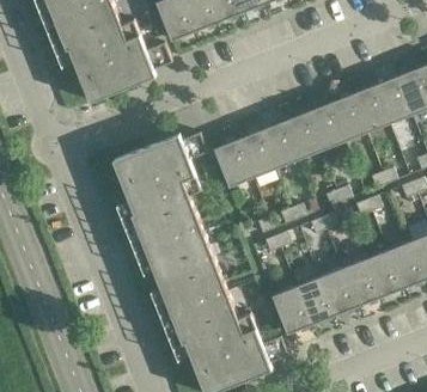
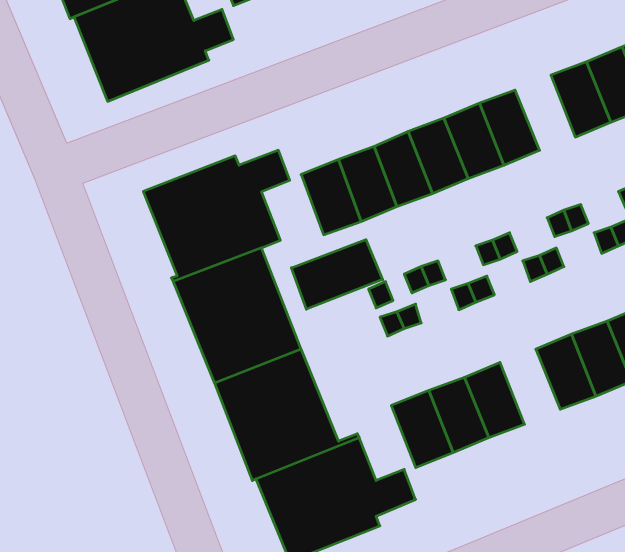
building: [348,85,386,133] -> none
building: none -> [291,240,383,309]
building: [338,259,377,307] -> none

